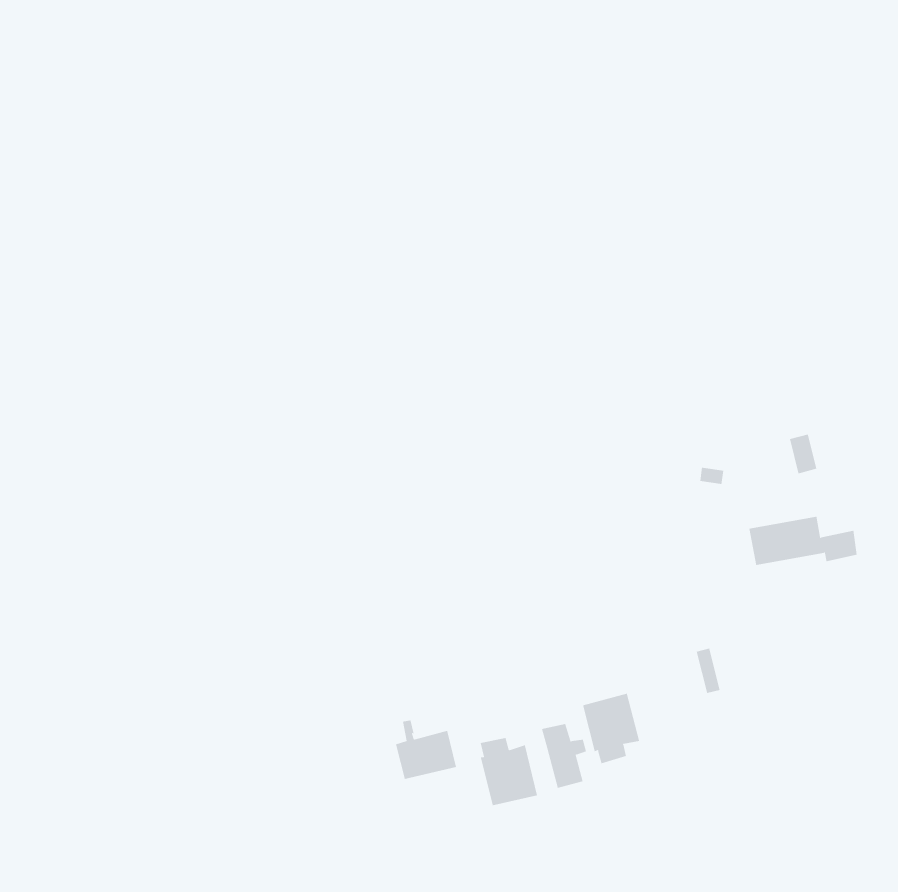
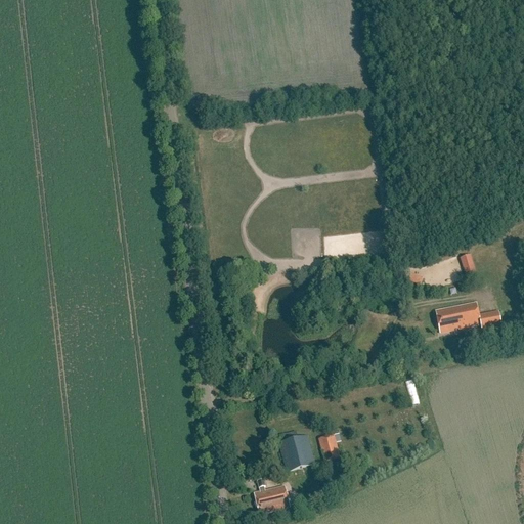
building: [582,693,640,764] -> none
building: [395,720,457,779] -> [253,478,289,513]

